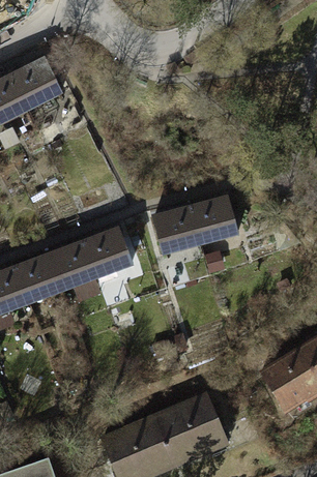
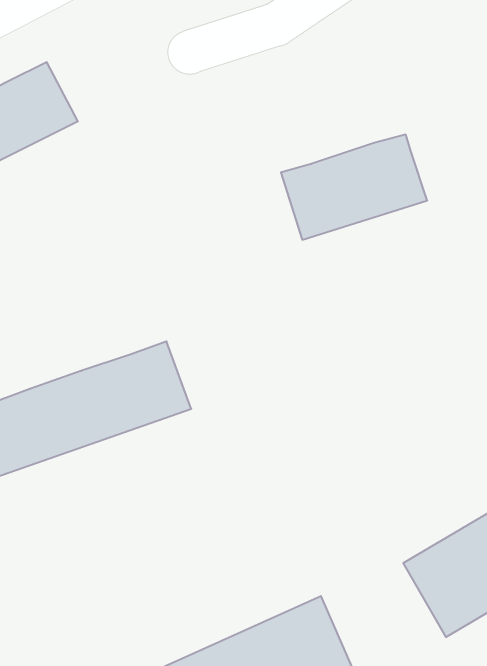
building: [150,195,242,261] -> [281,135,427,240]

